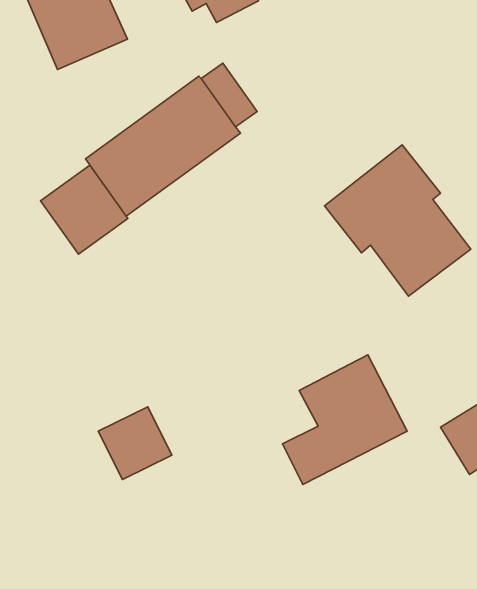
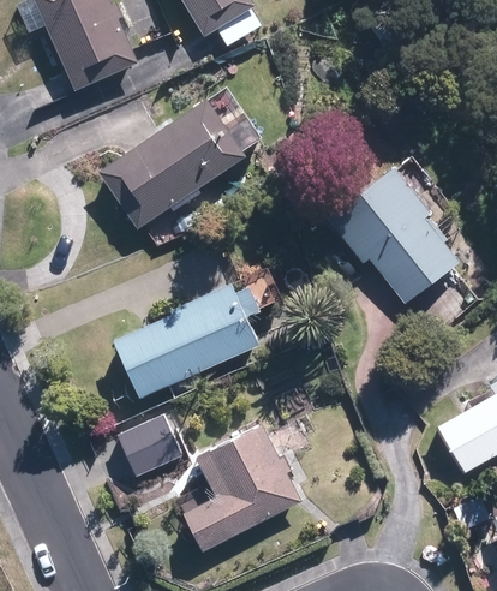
building: [41,165,128,254] -> none
building: none -> [113,281,263,399]
building: [283,355,407,485] -> [182,426,300,549]

